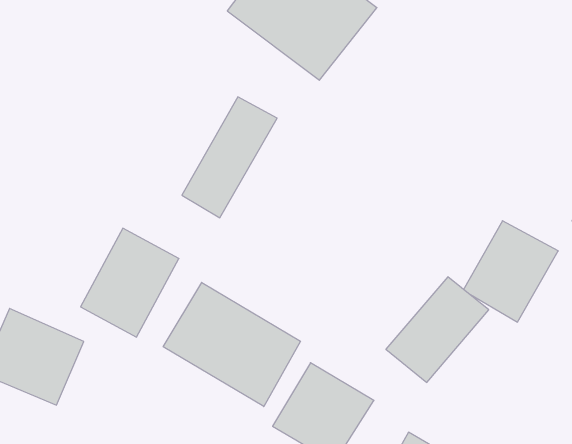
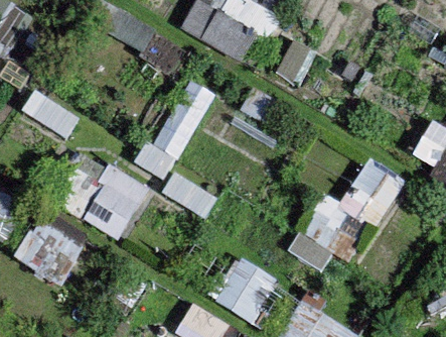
building: [163,282,300,407] -> none

